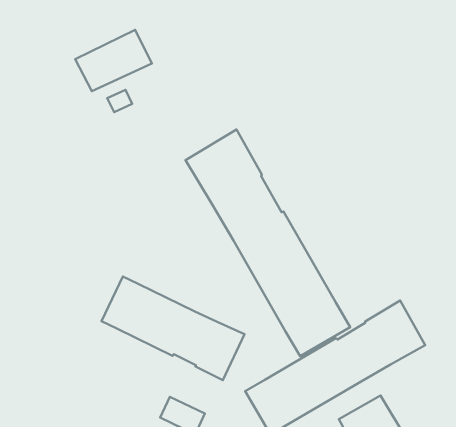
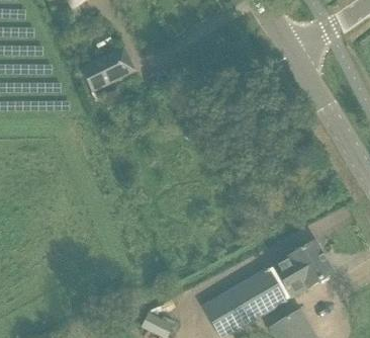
building: [186,130,350,356] -> none
building: [102,277,244,380] -> none

